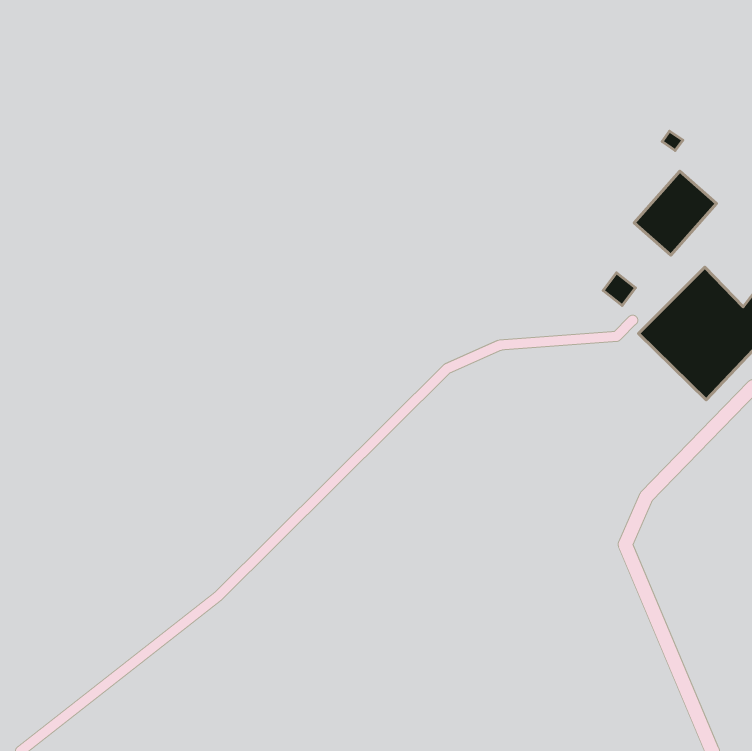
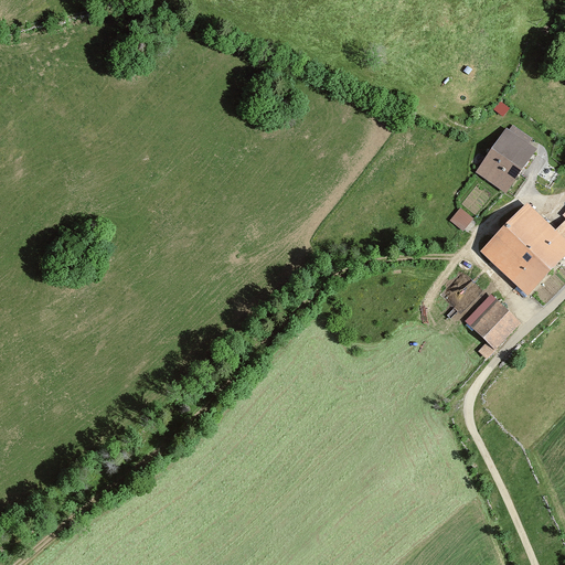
building: none -> [465,292,520,348]

